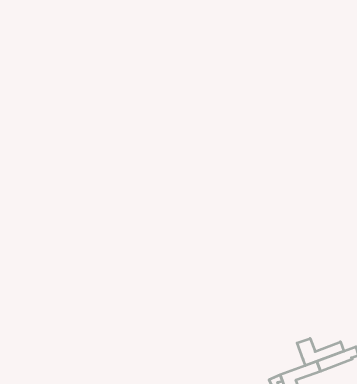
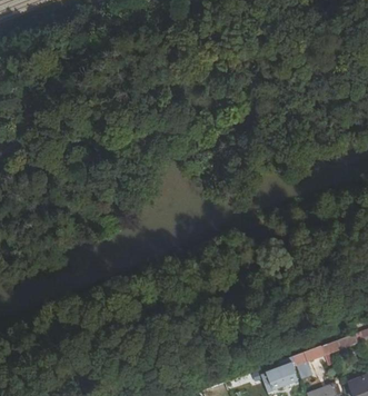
building: [297,338,344,366] -> none

